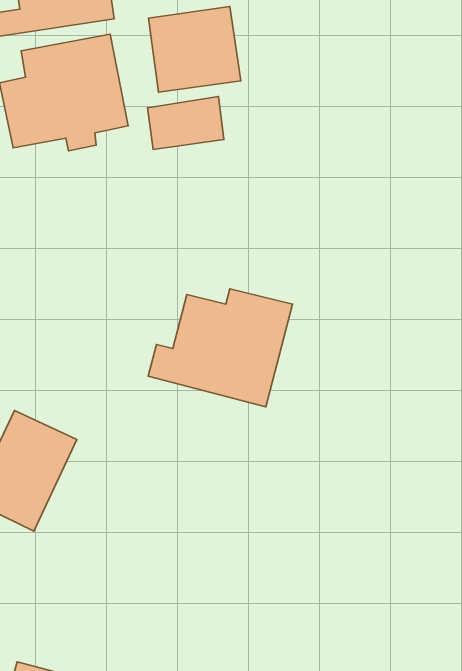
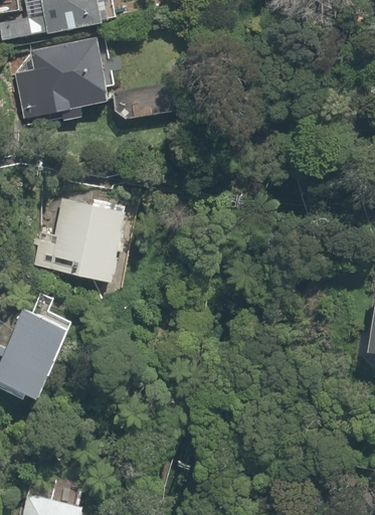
building: [149,6,241,92] -> none
building: [148,289,292,407] -> [30,195,135,281]

